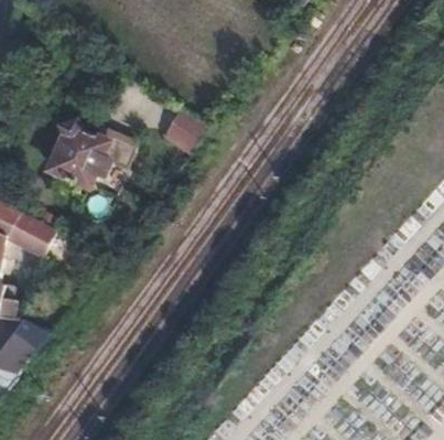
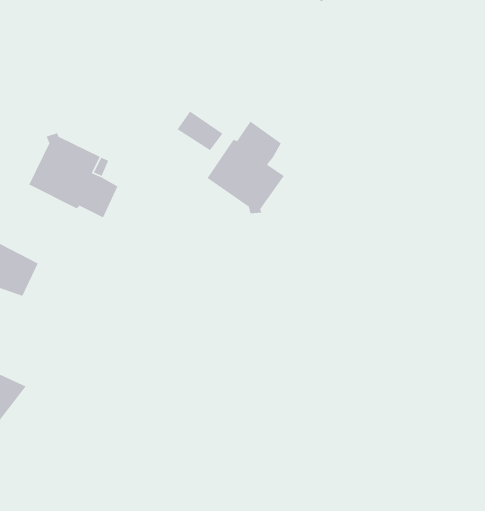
building: none -> [206,120,285,214]

